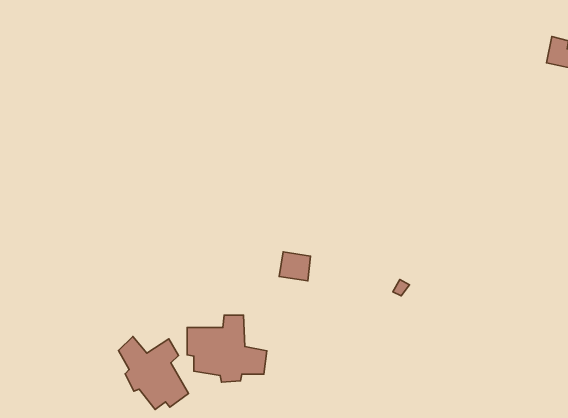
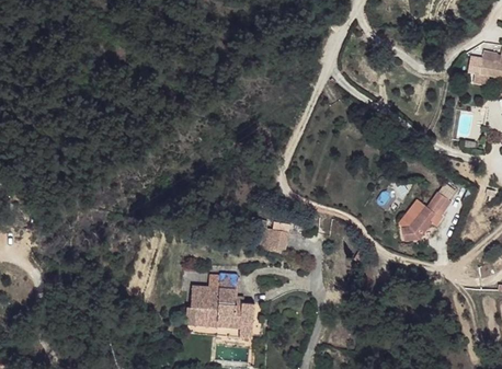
building: none -> [403,188,453,237]
building: [118,336,189,410] -> none

